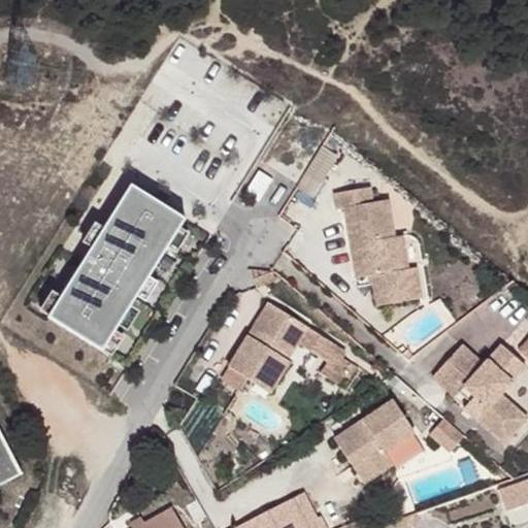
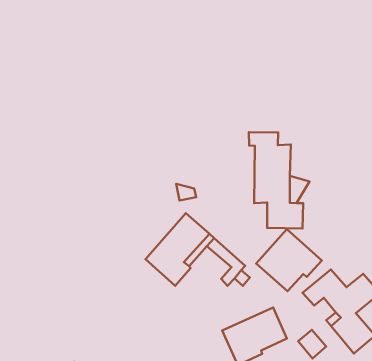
building: [51,189,180,346] -> none
building: none -> [256,229,322,291]

